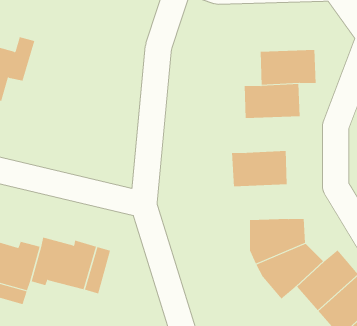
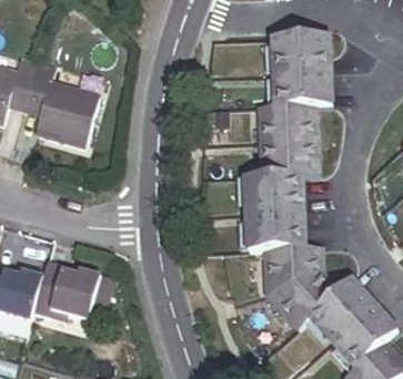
building: none -> [271,35,330,71]
building: none -> [26,60,100,146]
building: none -> [256,139,316,176]
building: none -> [244,209,302,246]

